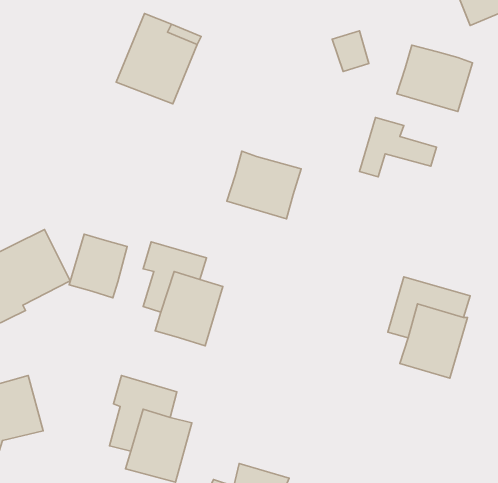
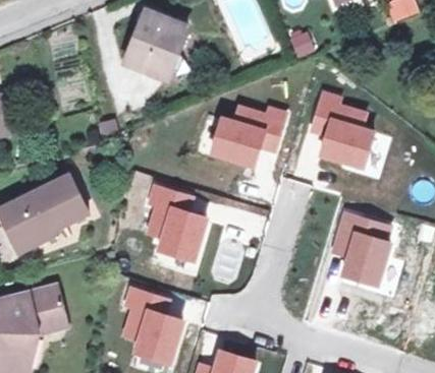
building: [397,45,473,111] -> [317,118,374,168]
building: none -> [231,105,286,152]
building: [69,234,127,298] -> none

